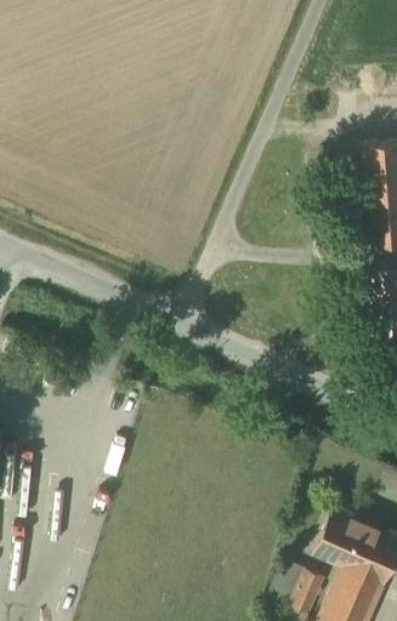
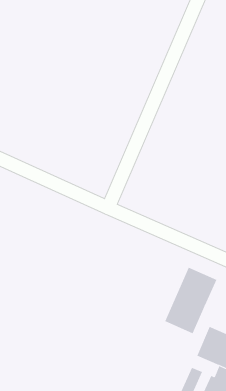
building: none -> [165,267,217,334]

